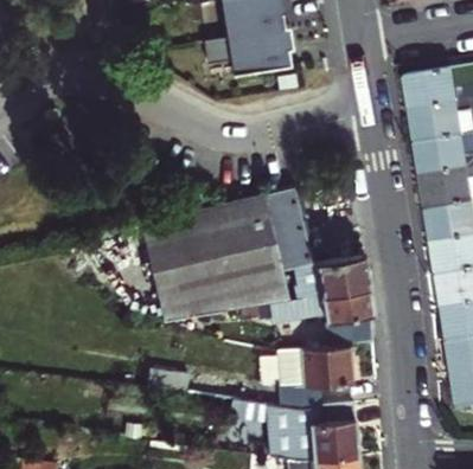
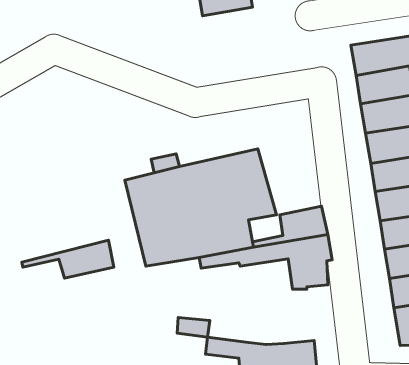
building: [209,30,298,77] -> none
building: none -> [22,240,114,278]
building: [280,348,354,411] -> none

